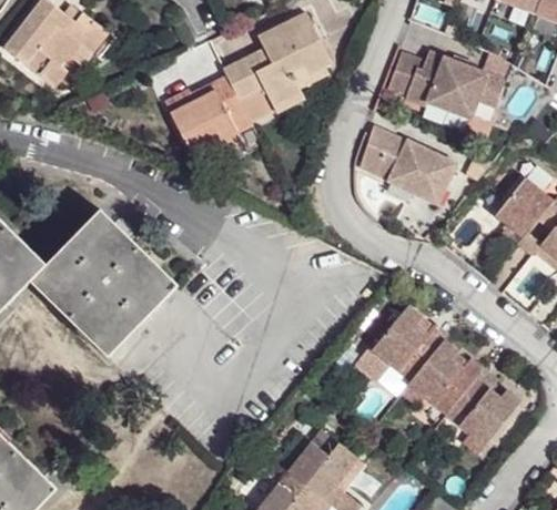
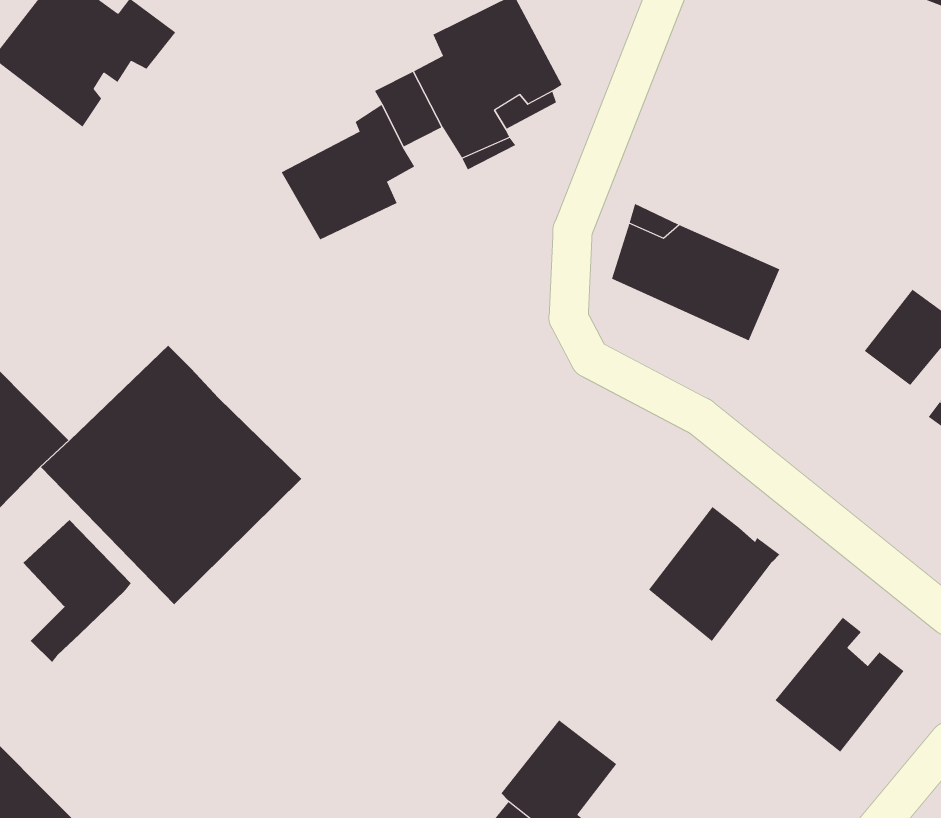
building: [385,41,499,110] -> none
building: none -> [23,519,131,663]
building: [411,336,487,415] -> none

